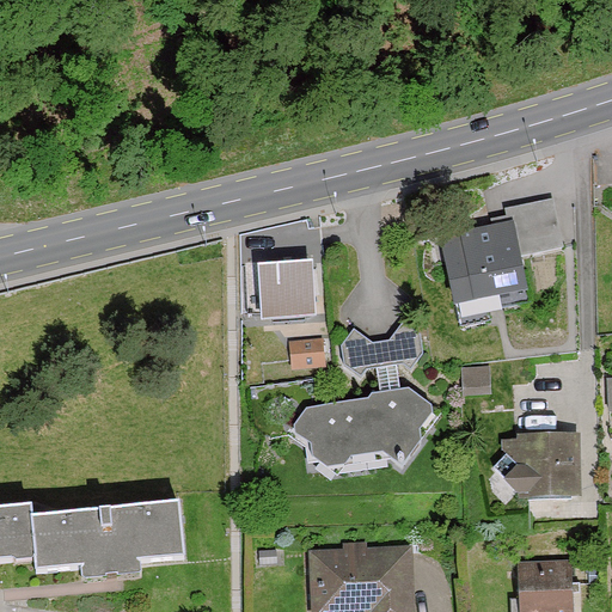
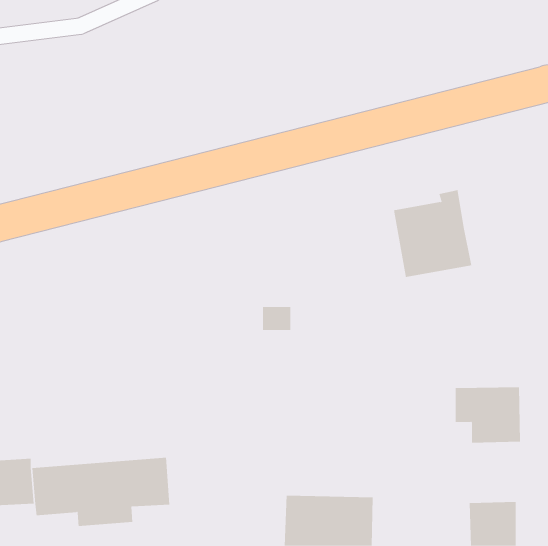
building: [498,192,558,251] -> none
building: [258,264,323,318] -> none
building: [293,328,434,470] -> none

